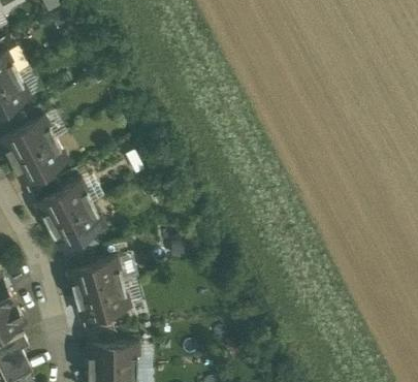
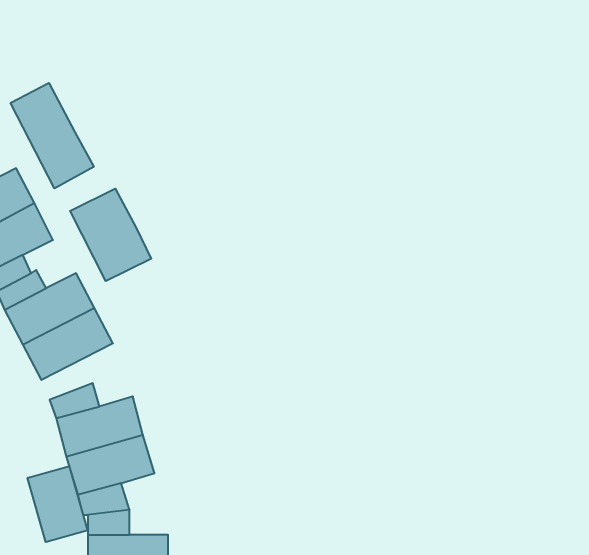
building: none -> [11,83,94,188]
building: none -> [70,189,151,281]
building: none -> [28,466,87,542]

